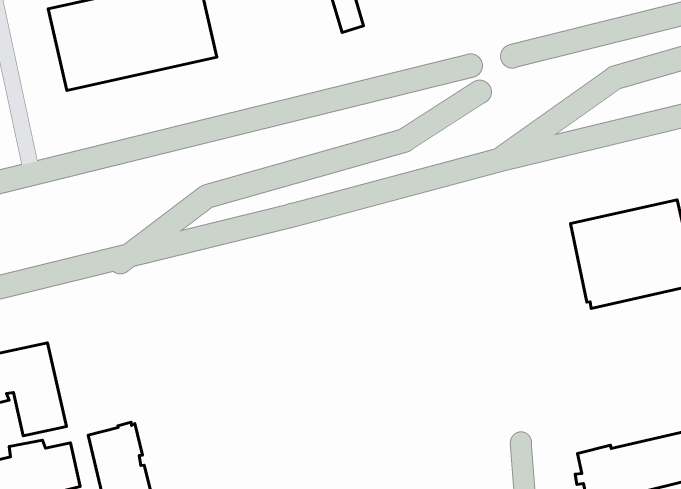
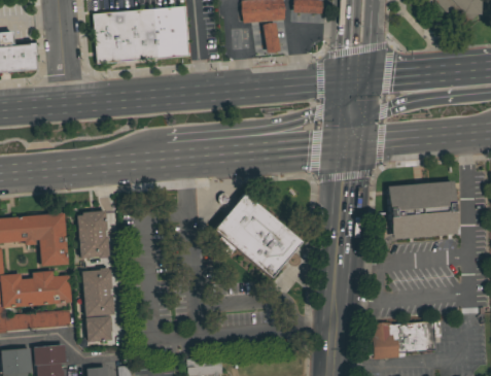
building: none -> [214,194,302,278]
building: none -> [77,210,109,259]

